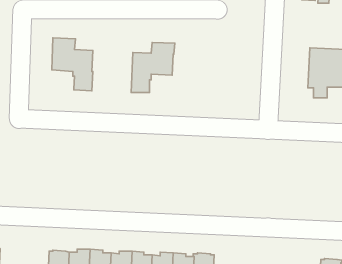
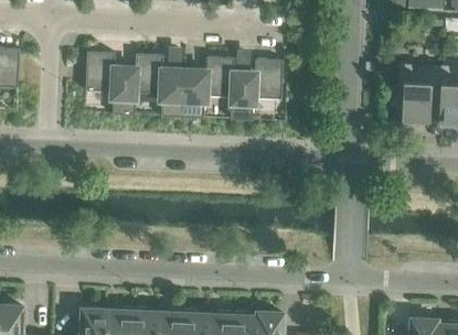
building: none -> [134,54,183,118]
building: none -> [230,58,281,120]

